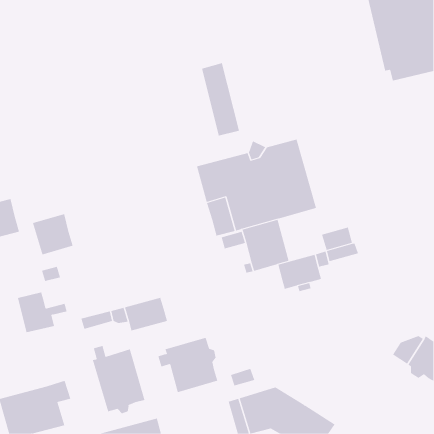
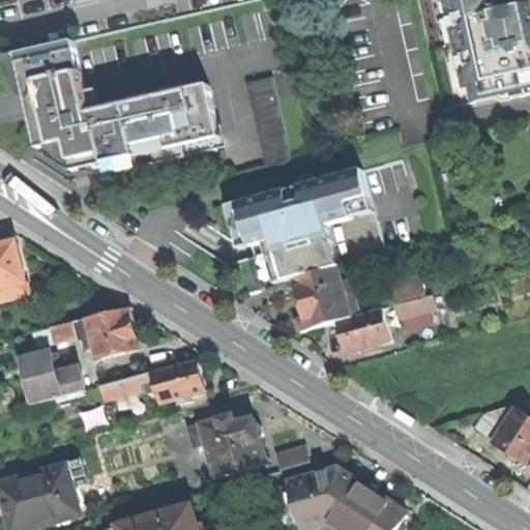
building: none -> [5,39,219,166]
building: [32,213,73,255] -> [87,306,137,357]
building: [92,345,145,414] -> none

